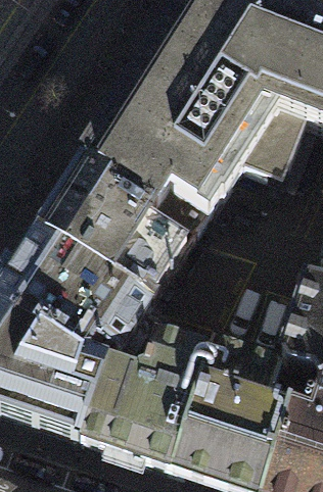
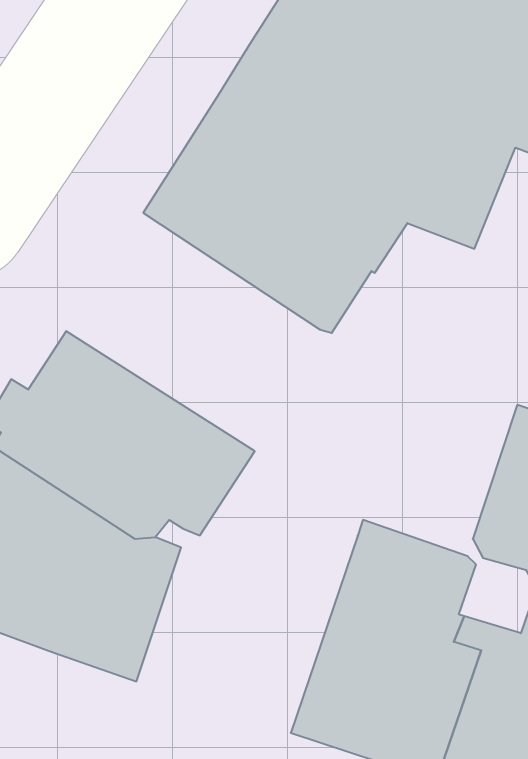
building: [40,165,198,307] -> none
building: [82,340,214,475] -> none

